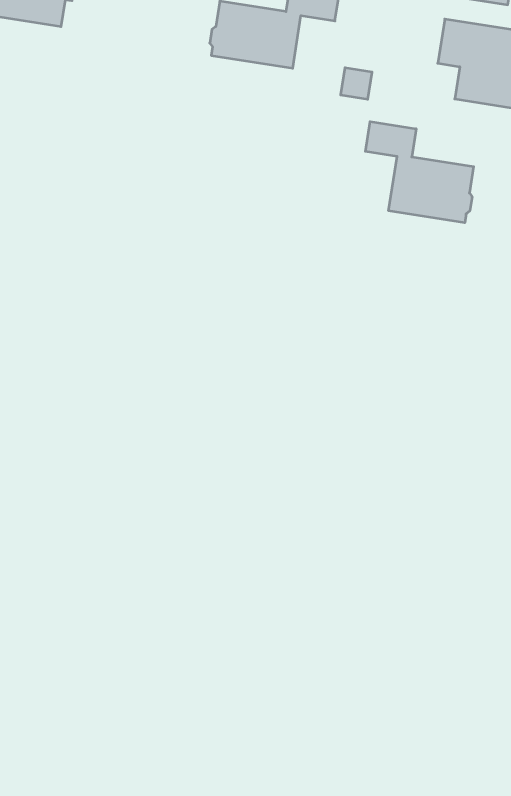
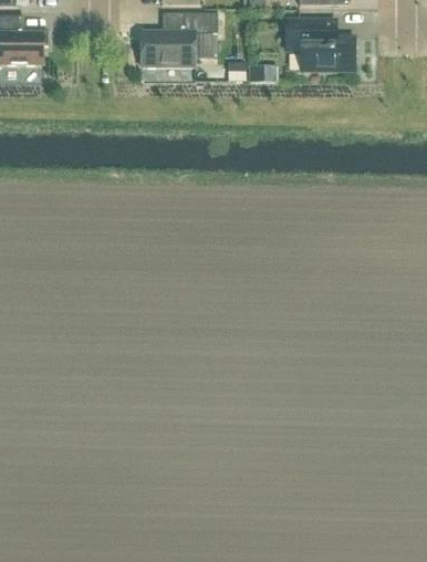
building: [365,122,474,223] -> none

